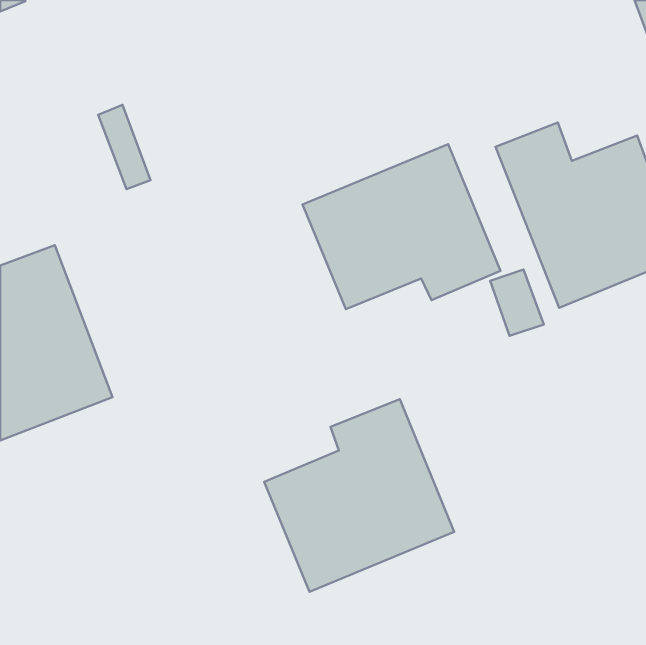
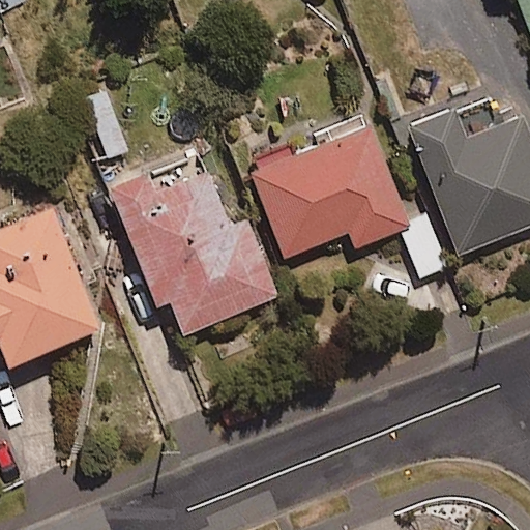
building: none -> [106,145,277,340]
building: [264,399,454,592] -> none

